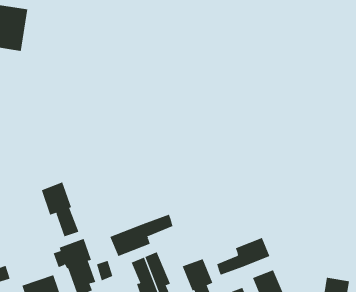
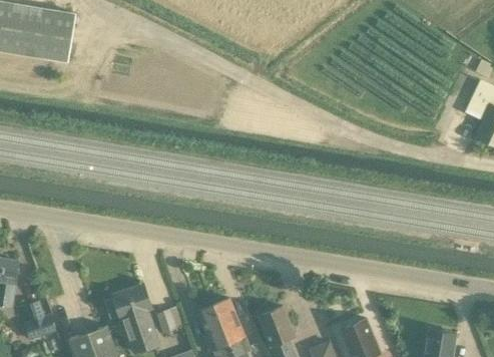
building: [41,181,79,237] -> none
building: [110,214,173,257] -> none
building: [216,237,270,276] -> none

